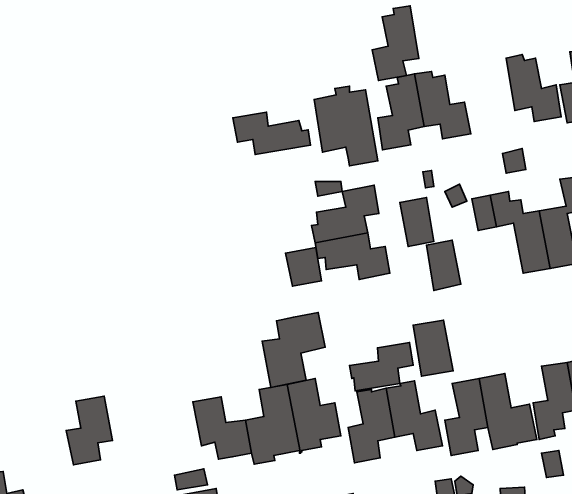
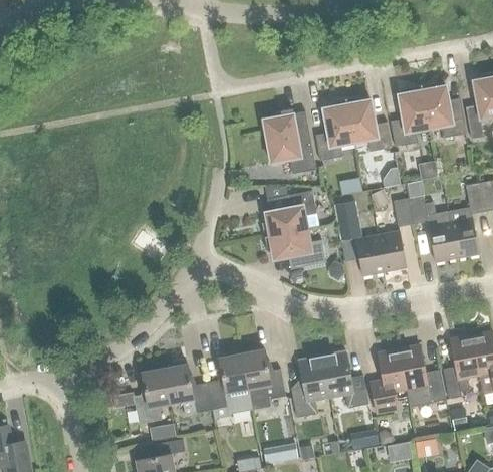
building: [372,6,419,81] -> [390,85,428,147]
building: [233,112,310,155] -> none
building: none -> [377,230,406,271]
building: [286,247,321,286] -> none
building: [262,312,325,387] -> none
building: [413,320,453,376] -> none
building: [350,342,413,391] -> none
building: [66,396,113,465] -> [133,368,171,424]

